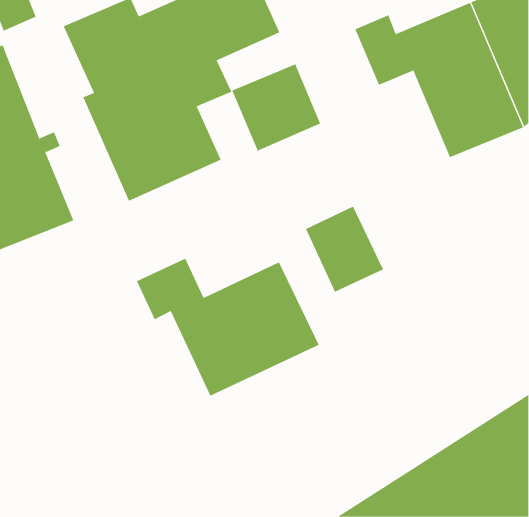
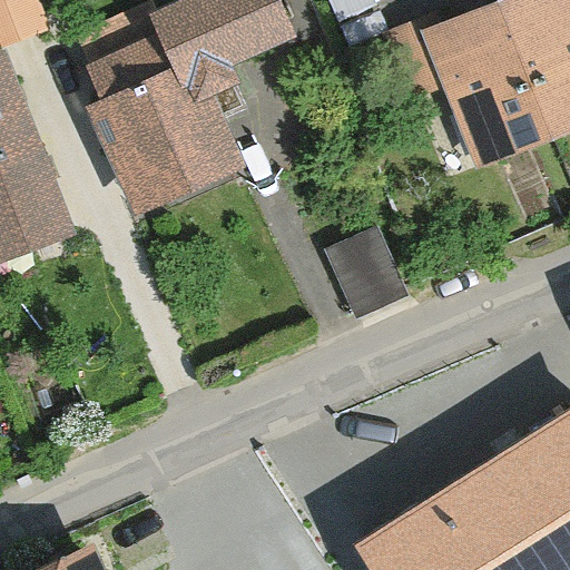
building: [231,63,321,151] -> none
building: [136,258,320,396] -> none

